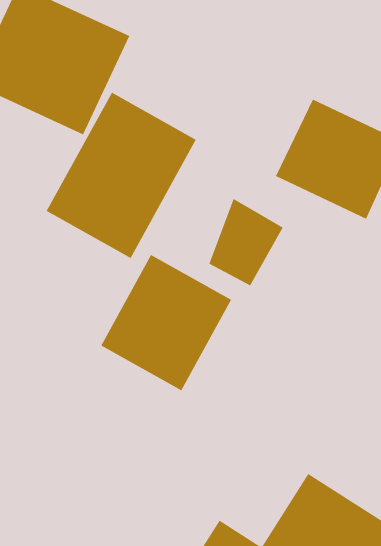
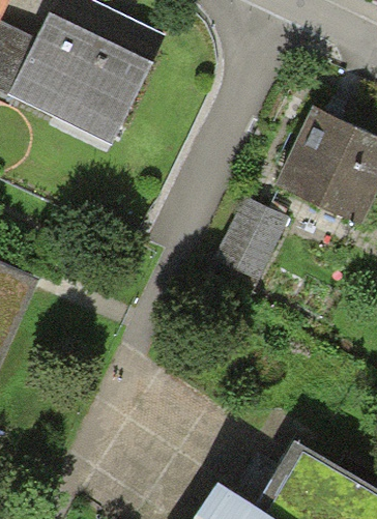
building: [46,92,196,259] -> none
building: [100,254,232,391] -> none

